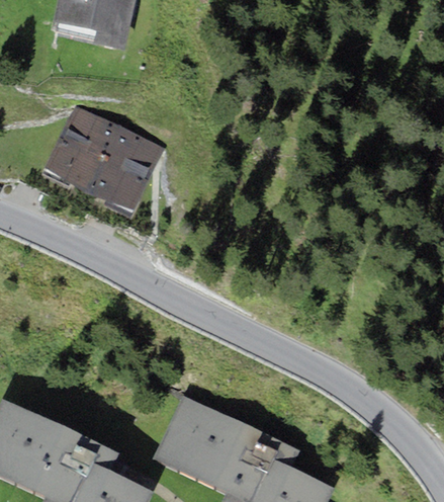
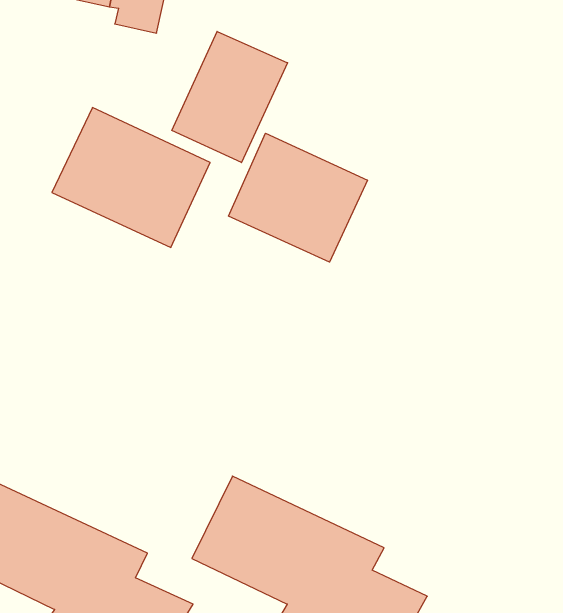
building: none -> [172,31,288,163]
building: none -> [229,133,367,262]

